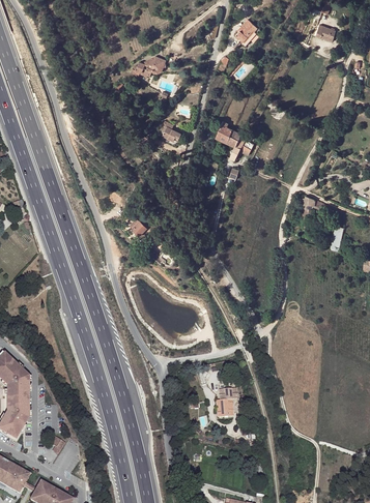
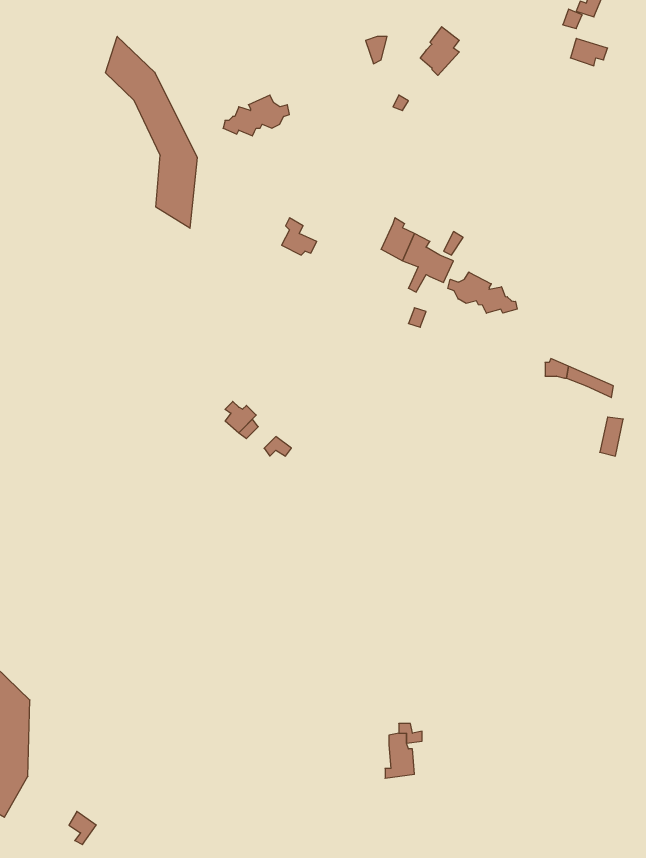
building: none -> [106,36,197,228]
building: none -> [448,272,517,313]

